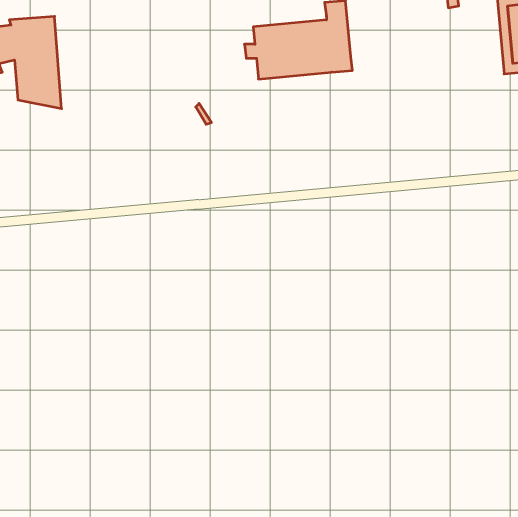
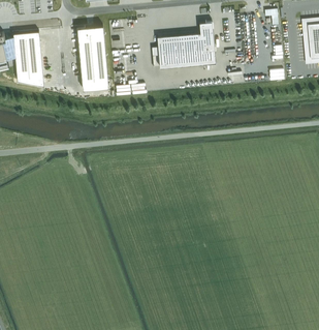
building: none -> [76,25,108,89]

